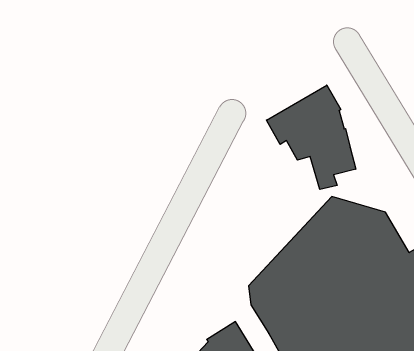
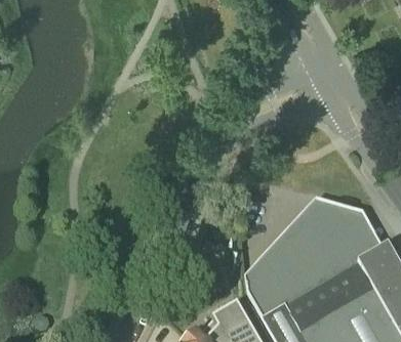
building: [266,85,356,189] -> none

